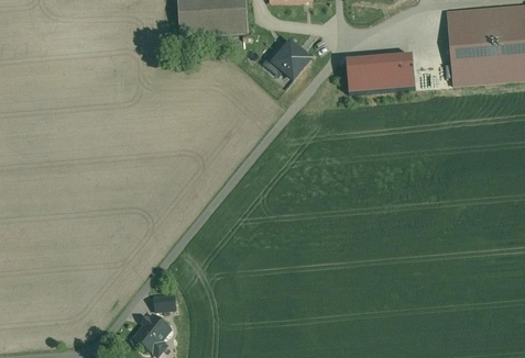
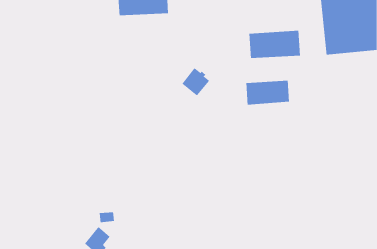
building: [273,41,310,78] -> [182,68,210,96]
building: none -> [246,80,289,105]

